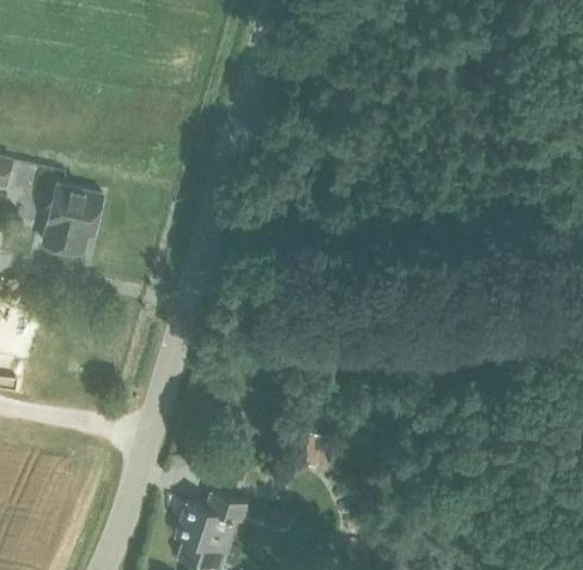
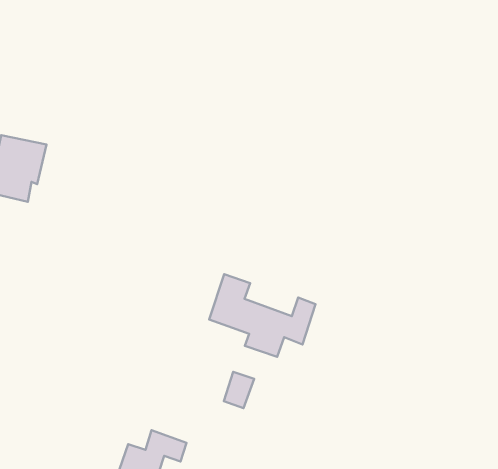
building: none -> [209,274,316,357]

